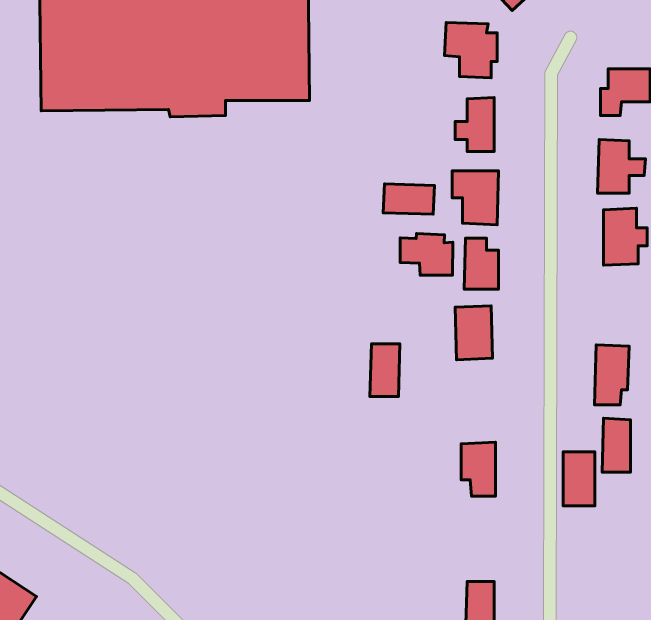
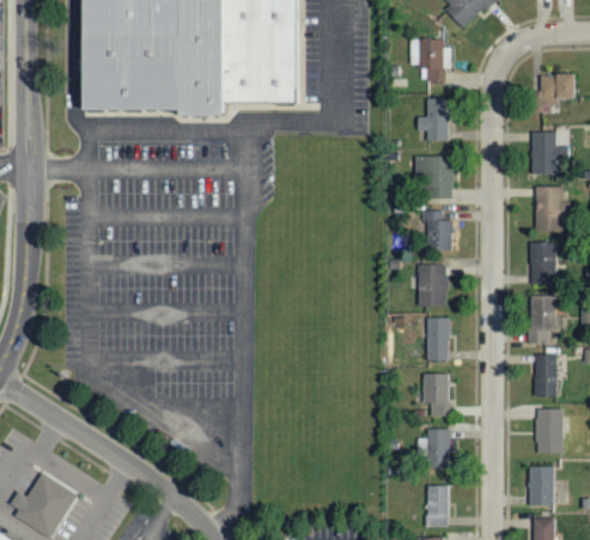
building: [383,184,435,214] -> none
building: [400,234,453,275] -> none
building: none -> [530,242,556,285]
building: [370,344,400,396] -> [426,318,450,360]
building: [563,452,595,506] -> [537,409,562,453]
building: none -> [426,429,450,468]
building: none -> [528,466,555,505]

